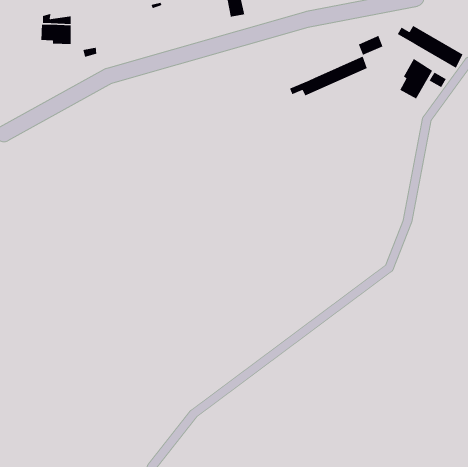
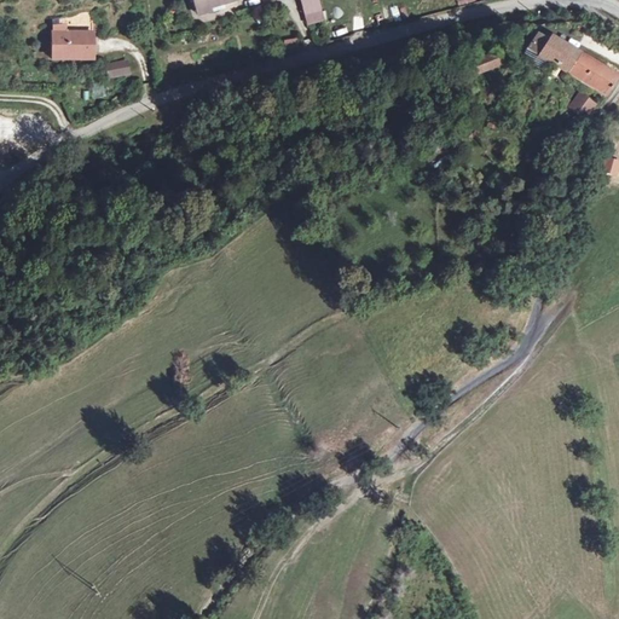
building: [289,56,368,97] -> none
building: [399,58,433,100] -> none

